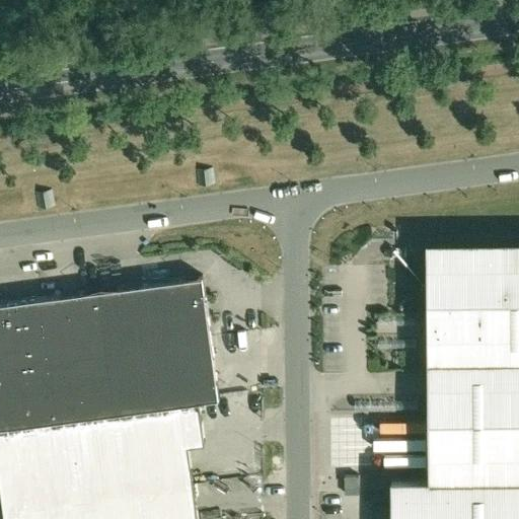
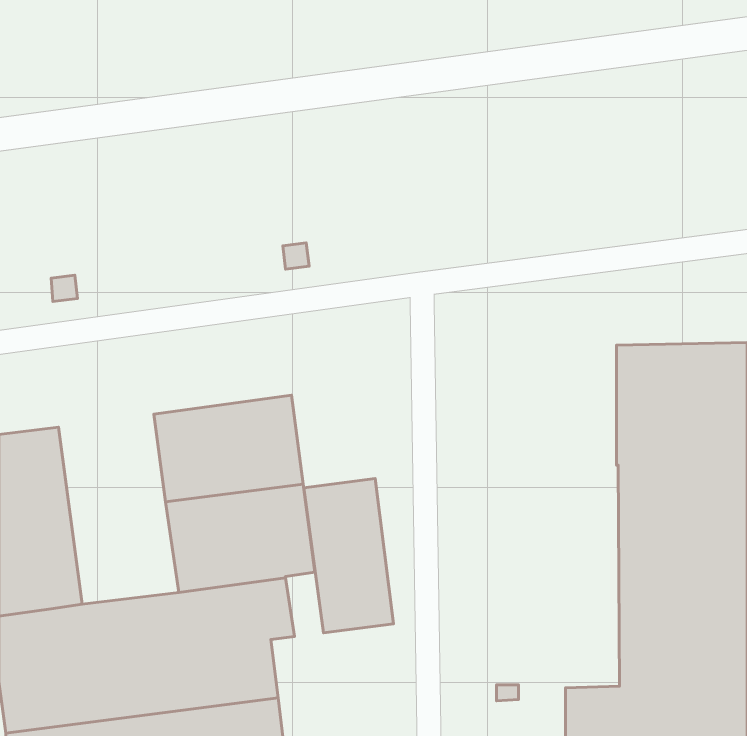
building: [41,295,124,427] -> none
building: none -> [304,478,394,633]

